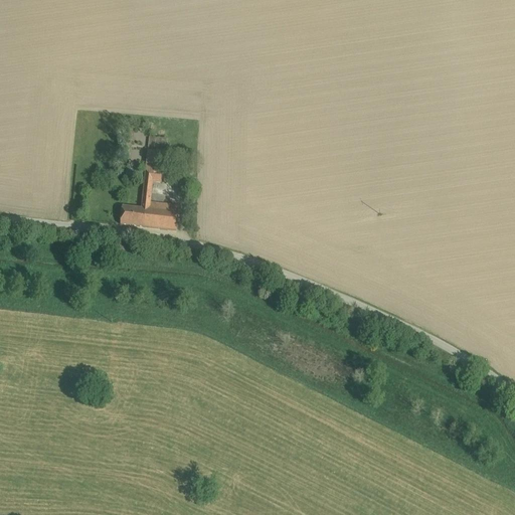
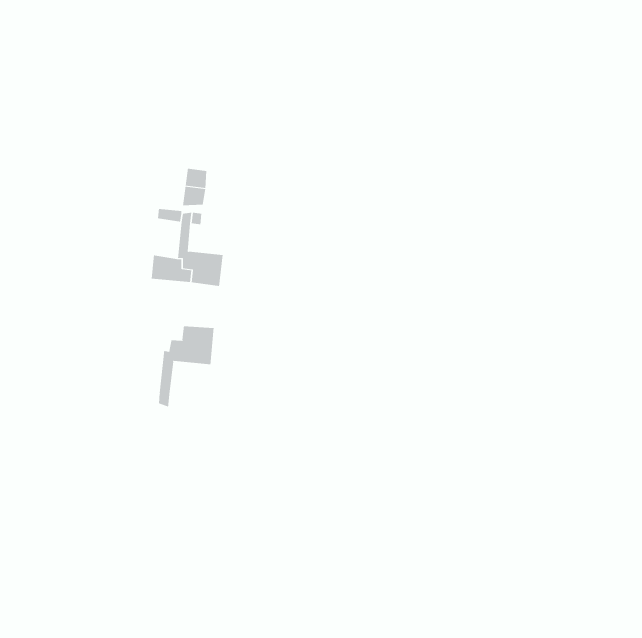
building: none -> [159,325,214,408]

